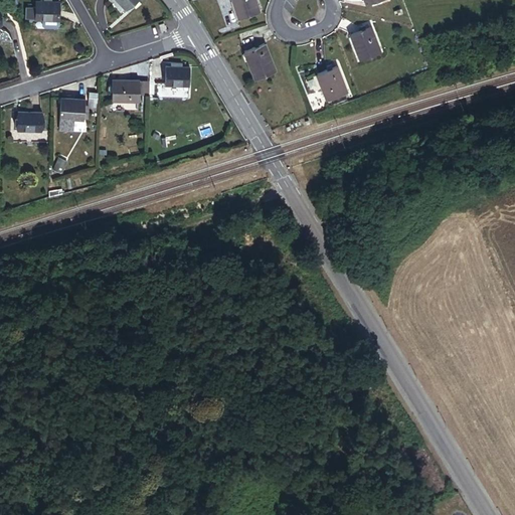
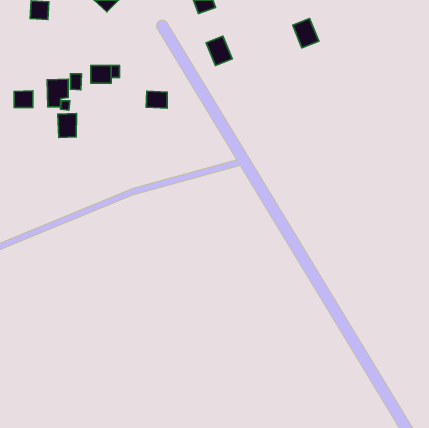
building: [315,65,346,101] -> none
building: [162,66,187,87] -> [146,91,167,108]
building: none -> [58,114,76,137]

